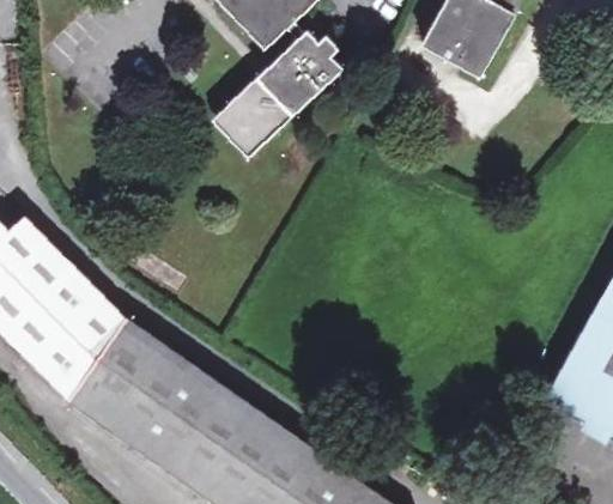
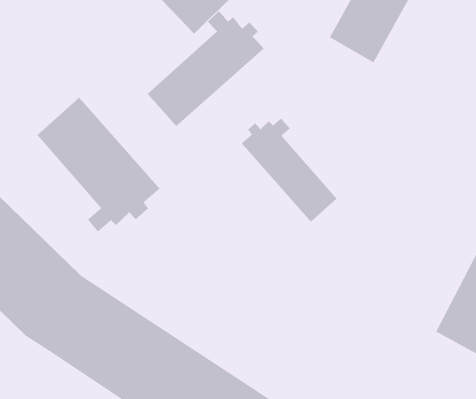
building: none -> [36,97,161,233]
building: none -> [241,117,338,222]

